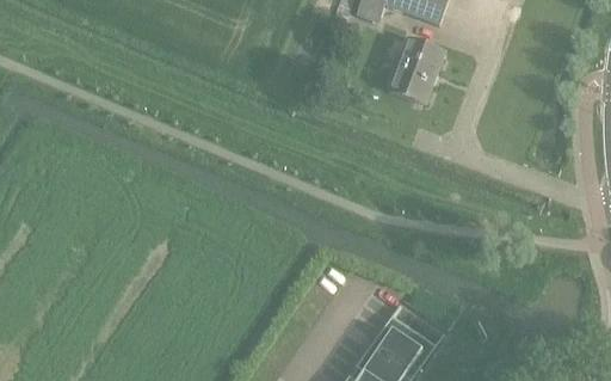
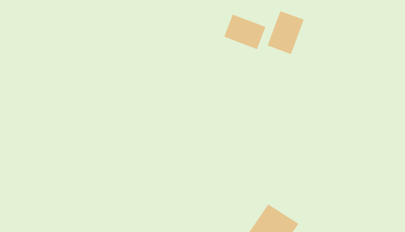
building: none -> [223,14,267,50]

